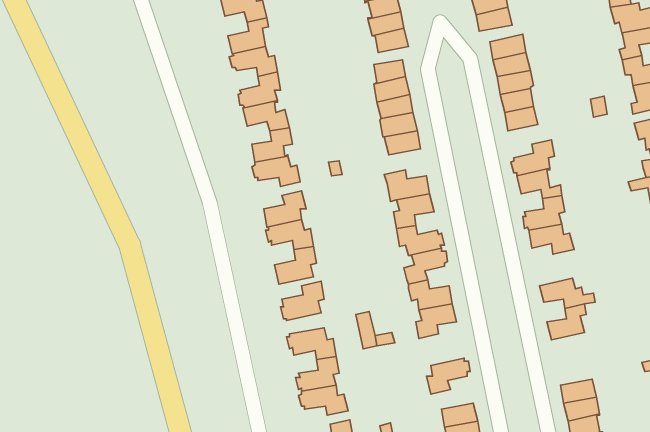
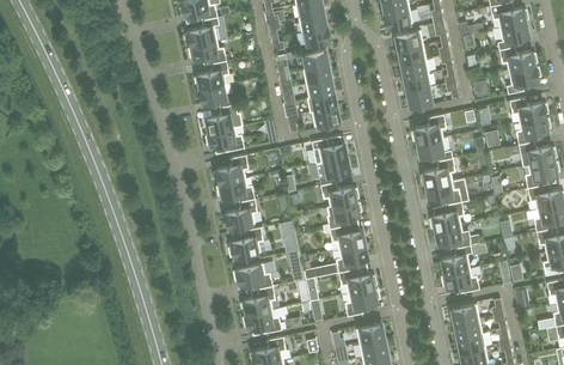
building: none -> [429,201,464,230]
building: none -> [441,267,479,292]
building: none -> [338,268,376,293]

